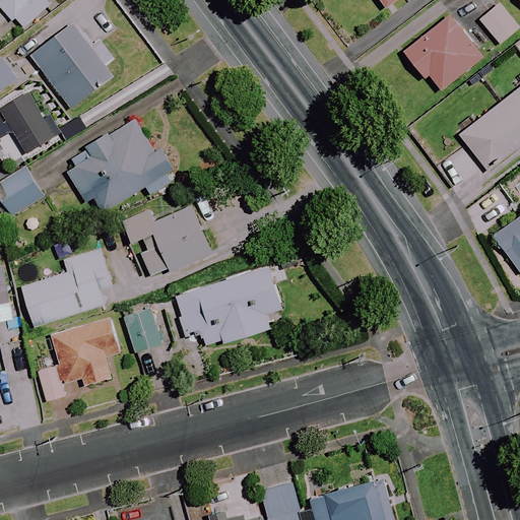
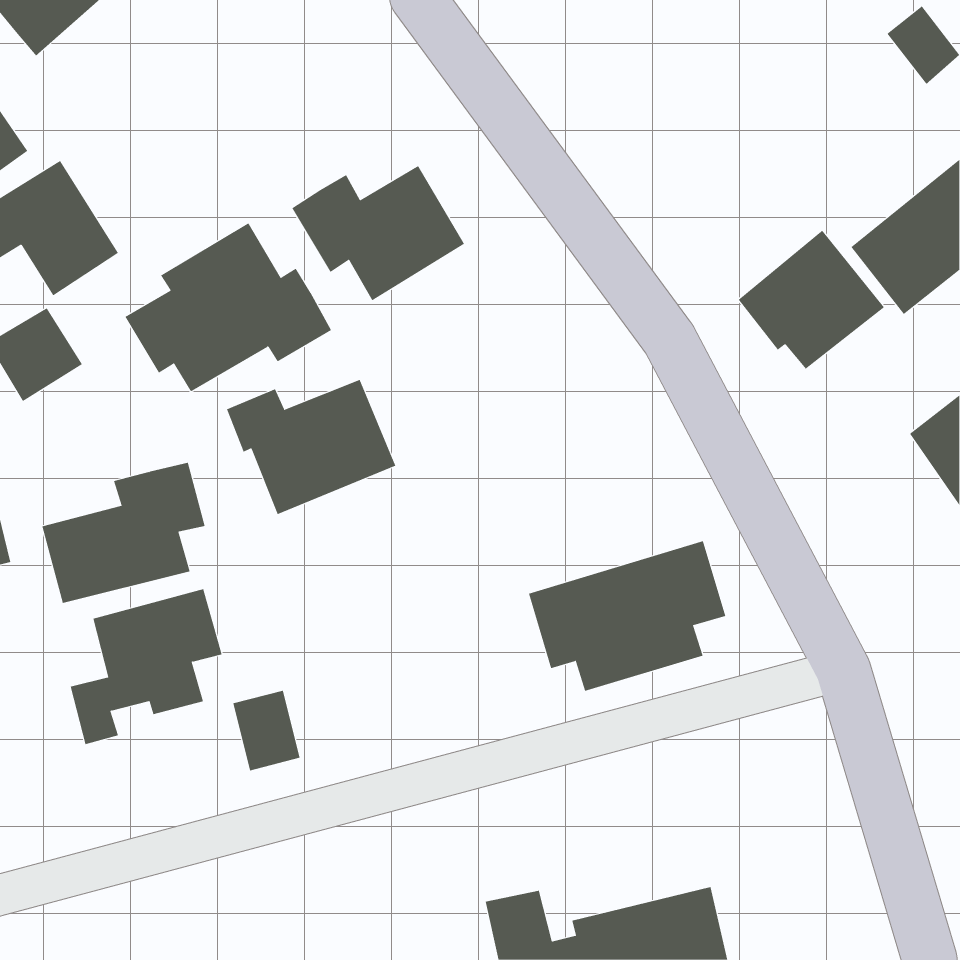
building: [403,14,482,89] -> [738,230,885,370]
building: [30,23,114,110] -> none
building: none -> [292,165,465,301]
building: [175,266,281,347] -> [528,541,726,692]
building: [124,309,160,352] -> [232,690,300,771]

